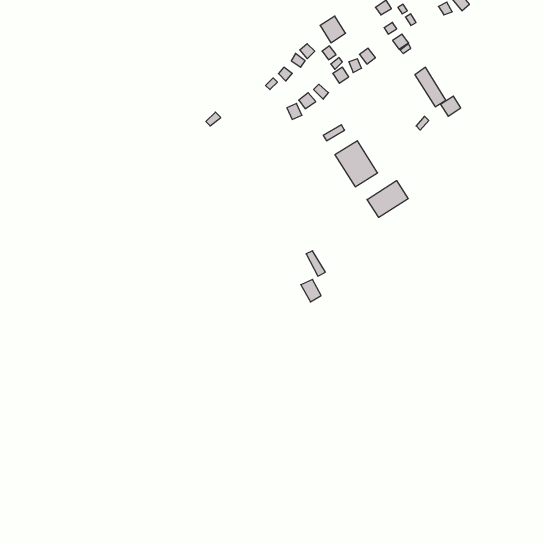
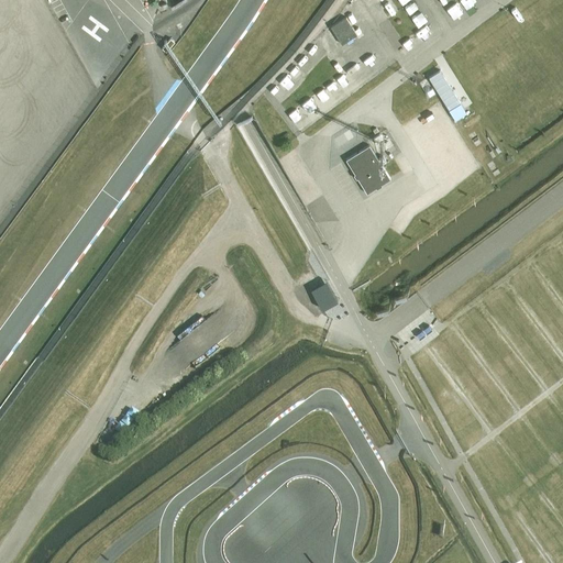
building: [367,181,408,217] -> none

